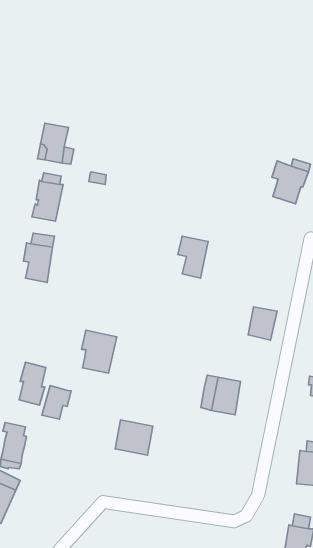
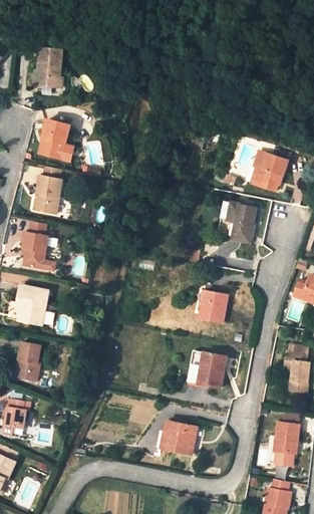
building: none -> [33,42,57,81]
building: [178,236,208,278] -> [229,204,257,243]
building: [248,307,277,340] -> [201,292,228,323]
building: [81,330,117,373] -> [18,280,51,320]
building: [42,385,71,419] -> none
building: [115,420,153,455] -> [161,422,196,455]

